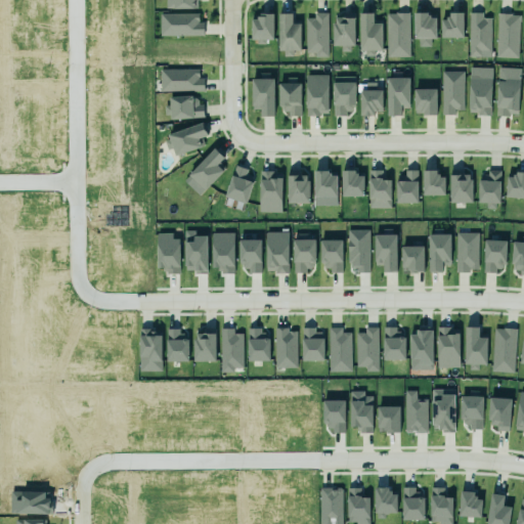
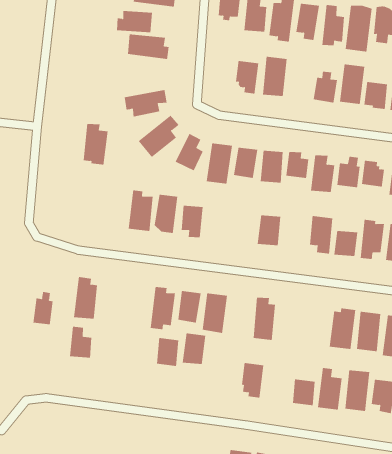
building: [251,79,273,117] -> none
building: [333,82,354,115] -> none
building: [165,95,203,119] -> [116,11,153,33]
building: [348,229,370,271] -> none
building: [157,230,180,272] -> [83,123,108,165]
building: [266,231,290,272] -> none
building: [294,239,316,273] -> none
building: [166,326,189,358] -> [69,326,92,358]
building: [357,326,379,372] -> none
building: [384,326,406,360] -> none
building: [303,330,324,361] -> [182,333,206,364]
building: [194,334,217,361] -> [156,338,179,366]
building: none -> [33,291,53,325]
building: [350,389,374,433] -> none

